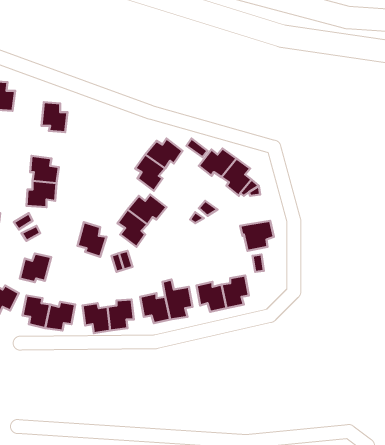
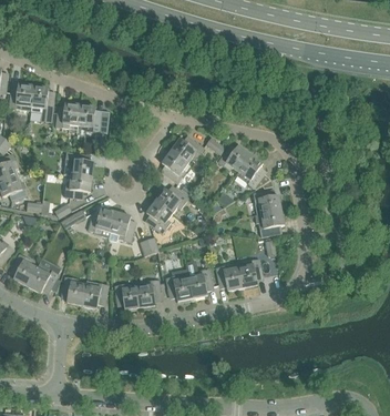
building: none -> [54,102,80,128]
building: none -> [252,190,280,213]
building: [20,254,51,282] -> [88,207,115,233]

